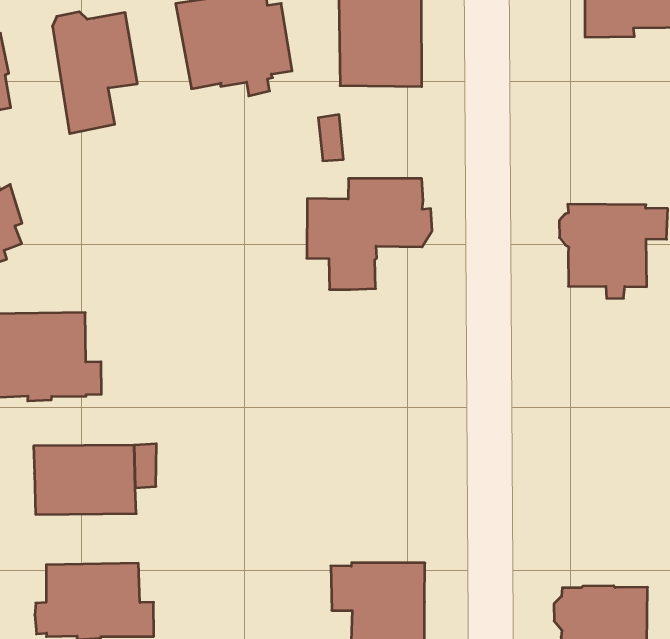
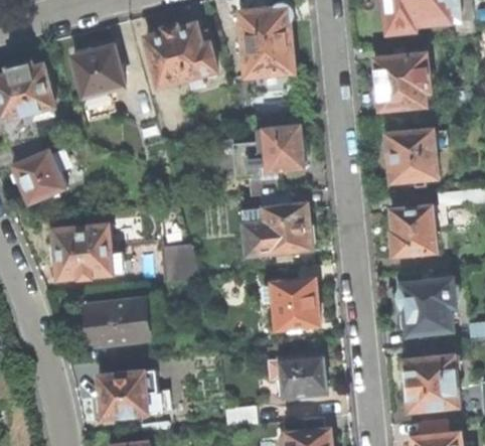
building: none -> [373,52,431,109]
building: none -> [242,192,314,259]
building: none -> [391,204,447,255]
building: none -> [161,246,198,280]
building: none -> [262,279,319,328]
building: none -> [398,277,456,333]

